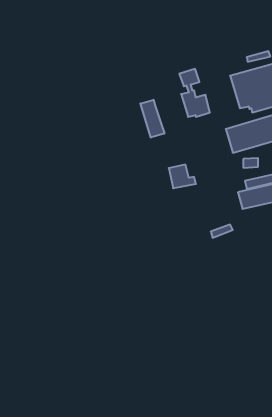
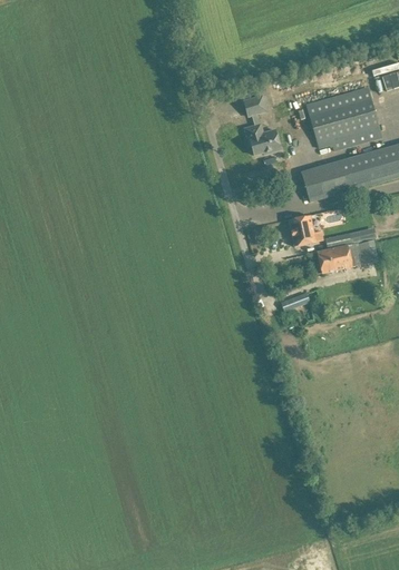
building: [140,100,164,138] -> none
building: [169,165,196,188] -> [289,215,323,245]

